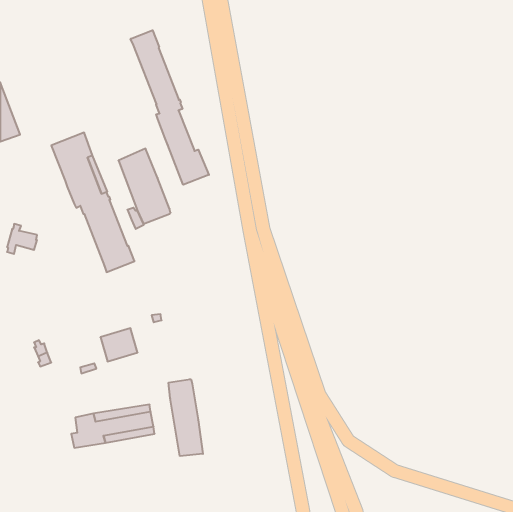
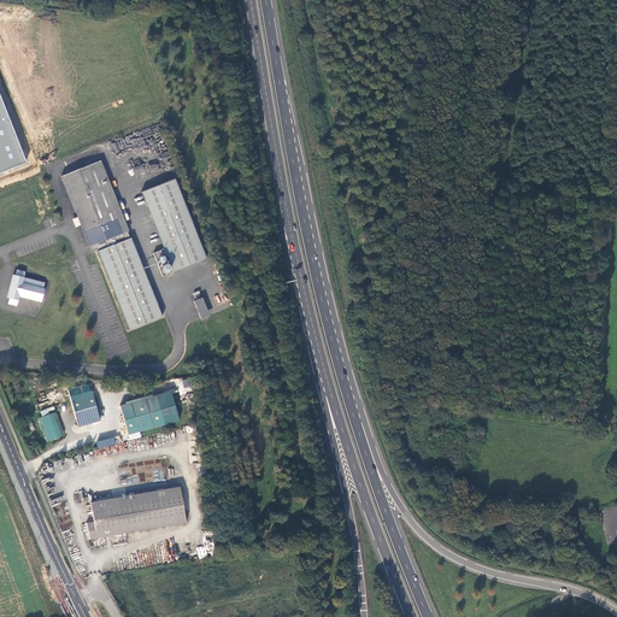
building: [131,30,209,185] -> none
building: none -> [71,390,100,424]
building: [169,379,203,456] -> none

